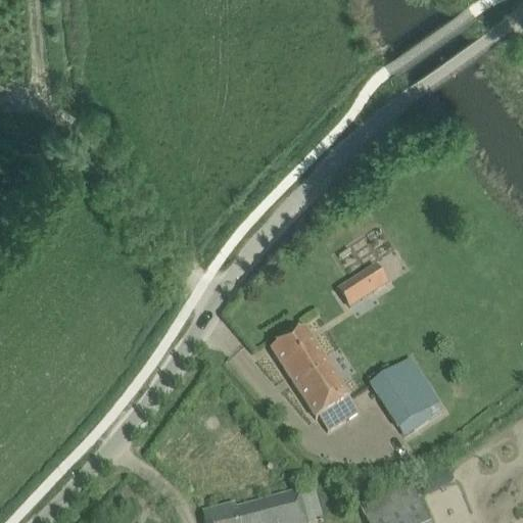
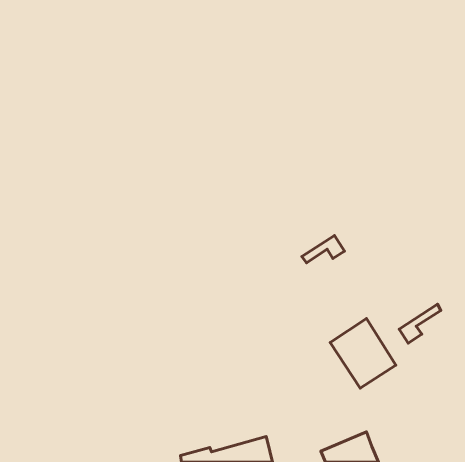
building: [271,326,360,431] -> none
building: none -> [399,304,441,343]

